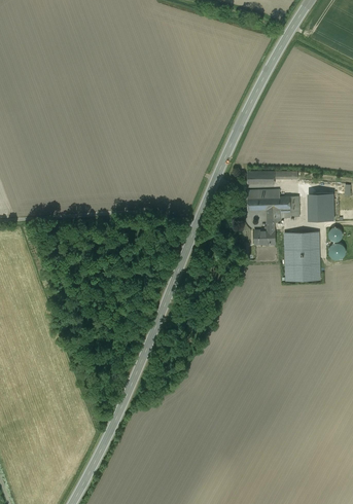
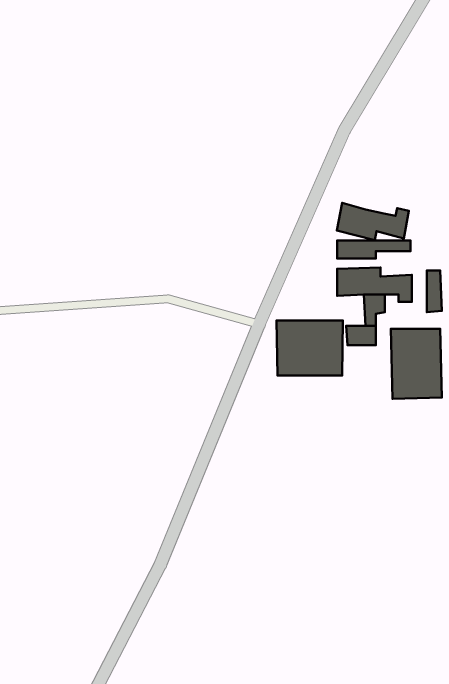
building: none -> [337,203,409,240]
building: none -> [277,320,343,375]

